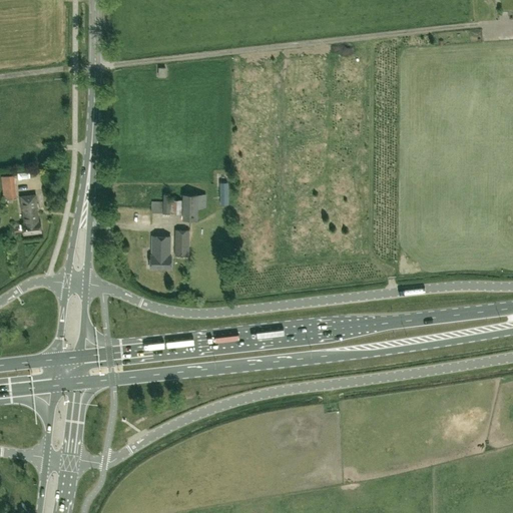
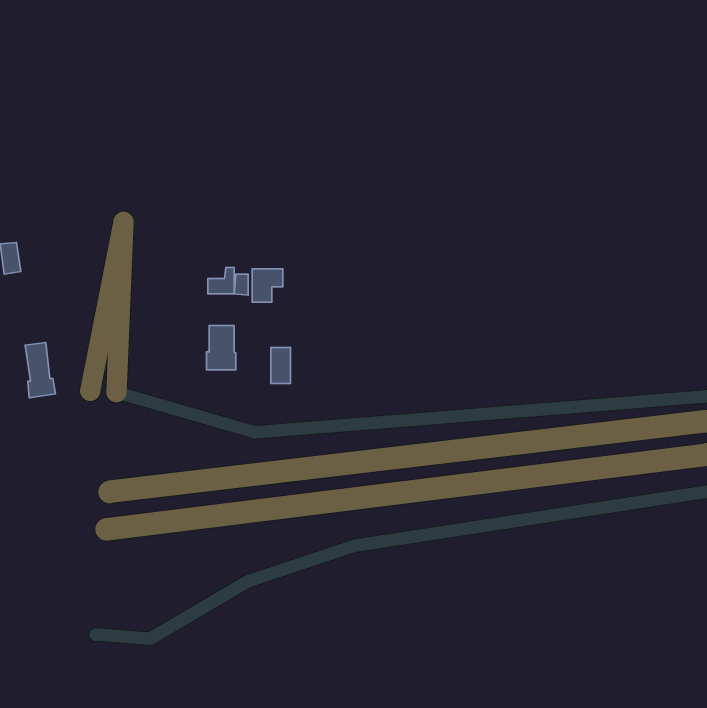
building: [19,194,41,234] -> [25,342,56,398]
building: [174,229,188,255] -> [271,347,290,383]

